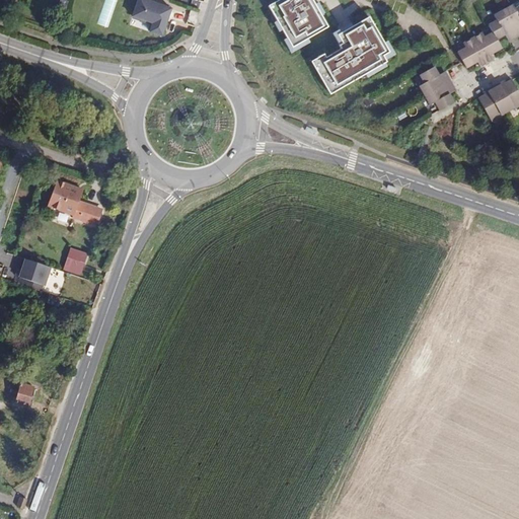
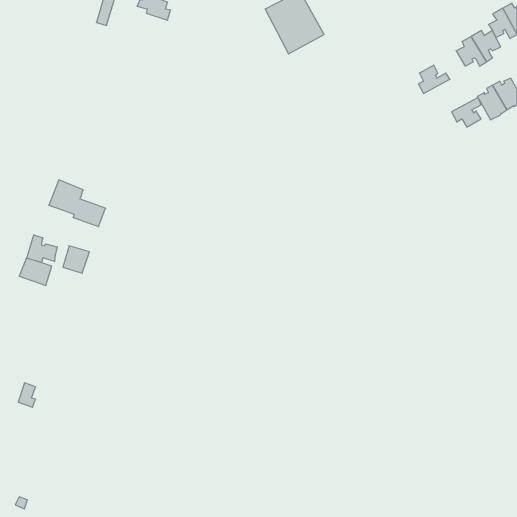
building: [310,17,390,96] -> none
building: [423,79,452,108] -> [452,98,481,127]
building: none -> [27,235,57,263]

